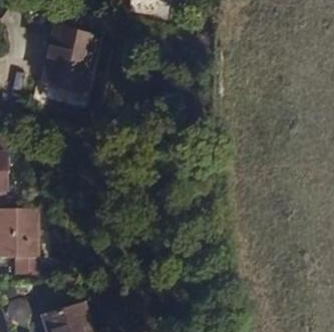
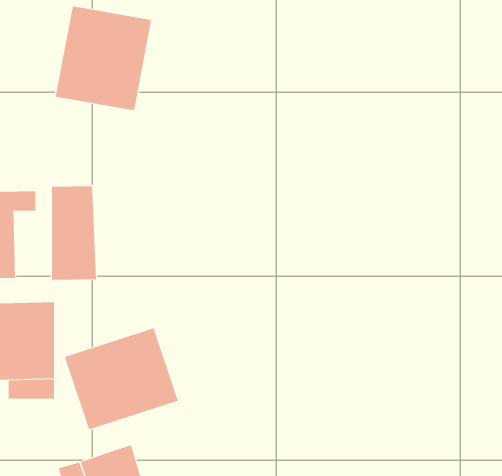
building: none -> [52,185,97,281]
building: none -> [64,328,178,430]

